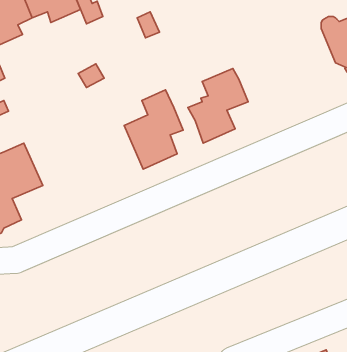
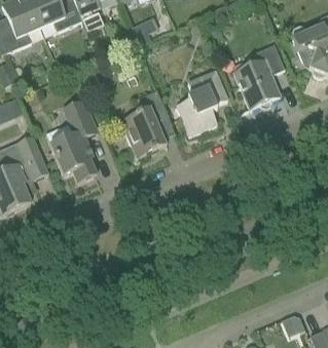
building: none -> [233,44,285,109]
building: none -> [50,101,99,183]

